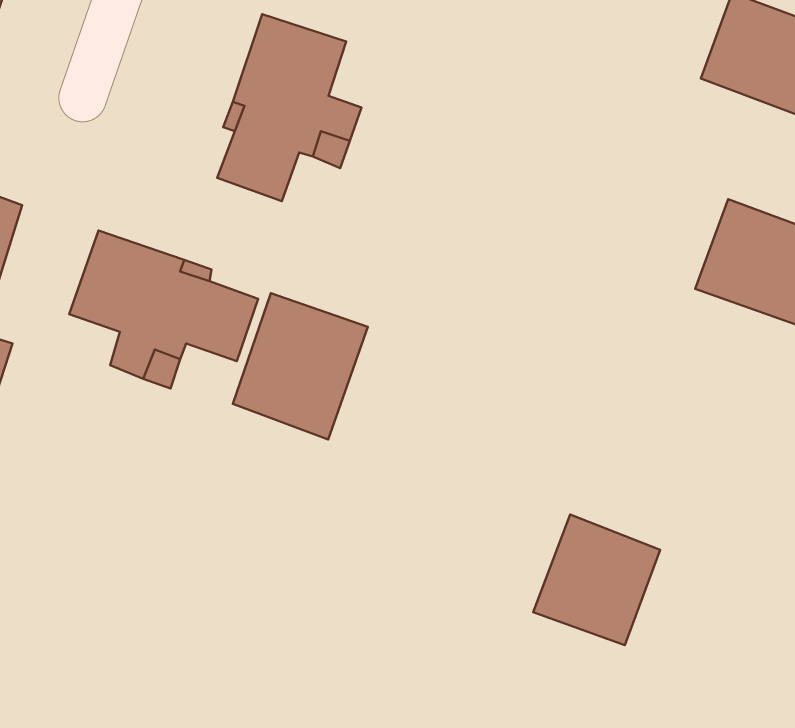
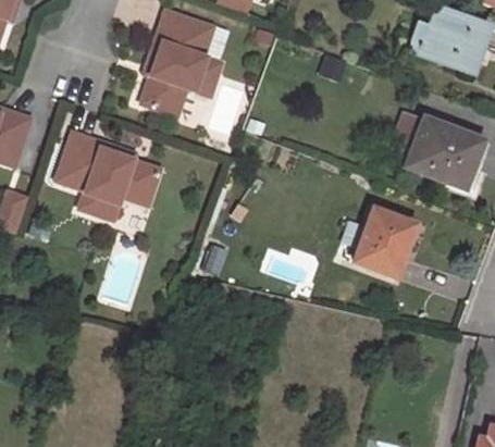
building: [233,293,368,440] -> none
building: [533,515,660,645] -> [347,203,418,276]

